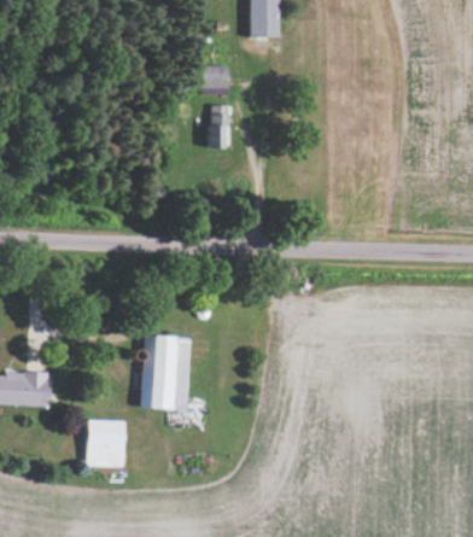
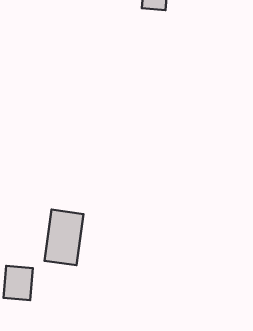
building: [200,64,228,87] -> none
building: [209,105,230,145] -> none

